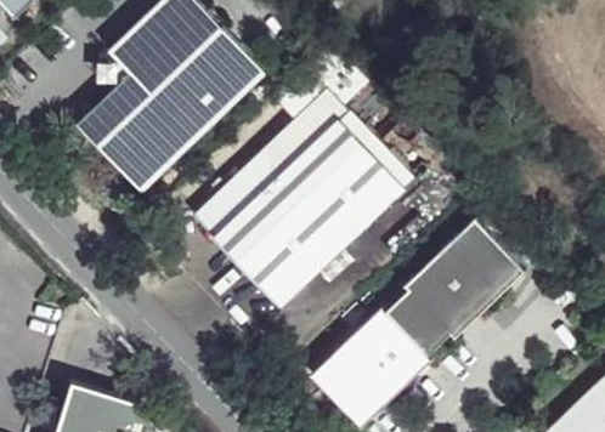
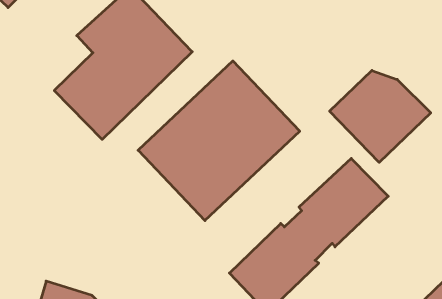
building: none -> [330,70,431,162]

